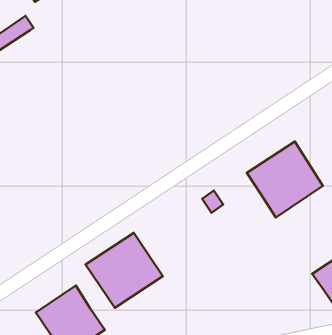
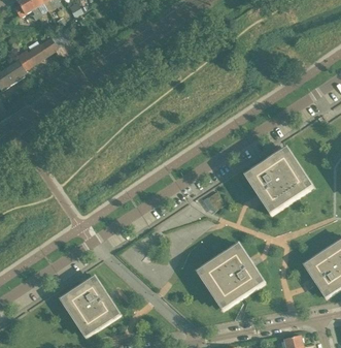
building: [86,233,163,308] -> [197,243,265,309]

